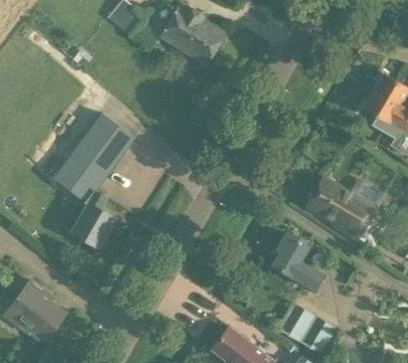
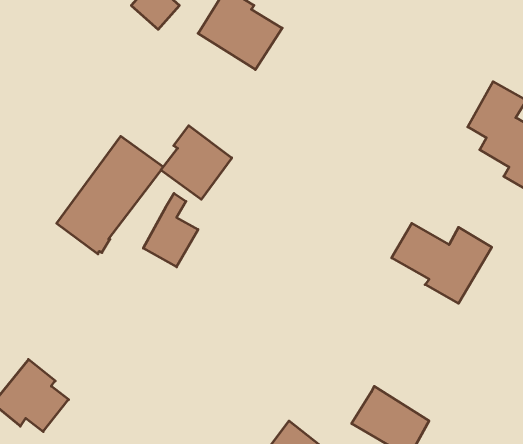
building: none -> [161,126,232,199]
building: [70,192,112,247] -> [143,193,198,267]
building: [269,234,322,290] -> none

